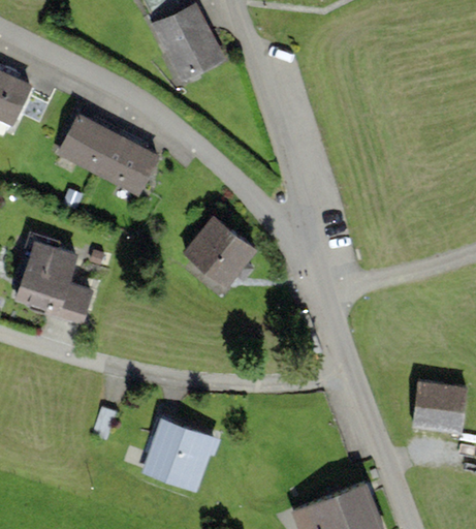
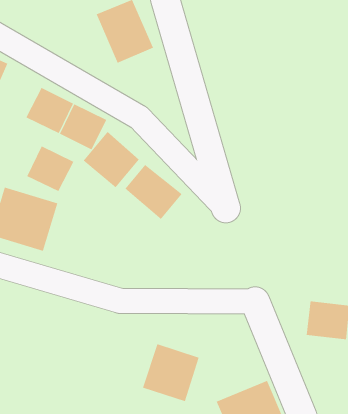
building: none -> [83,131,140,188]
building: none -> [26,145,74,192]
building: [142,418,215,492] -> [142,344,199,402]

